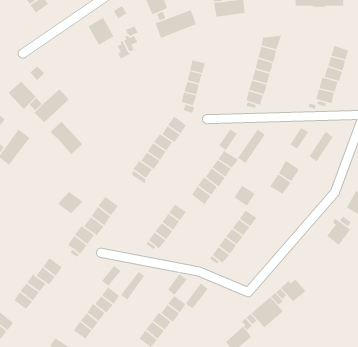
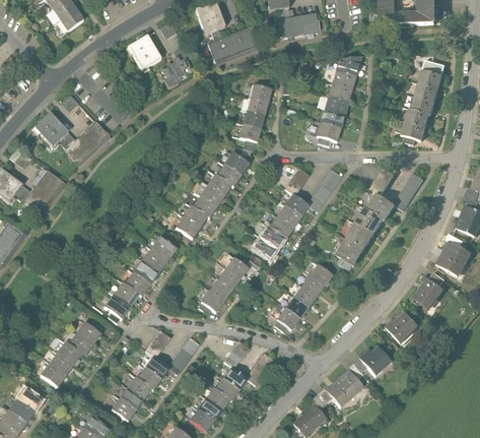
building: [50,121,83,155] -> none
building: none -> [367,191,395,217]
building: [233,185,256,207] -> [336,237,362,263]
building: [57,191,84,214] -> [150,233,182,260]
building: none -> [386,311,419,341]

